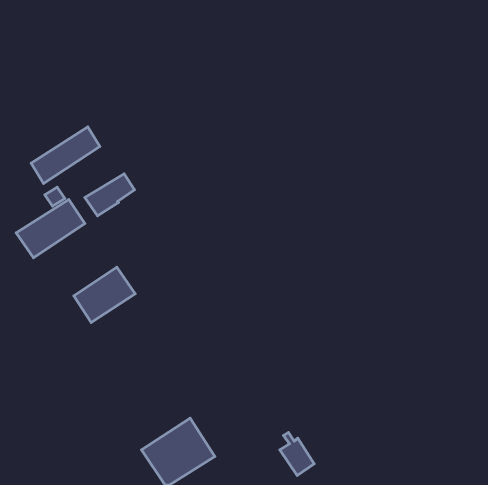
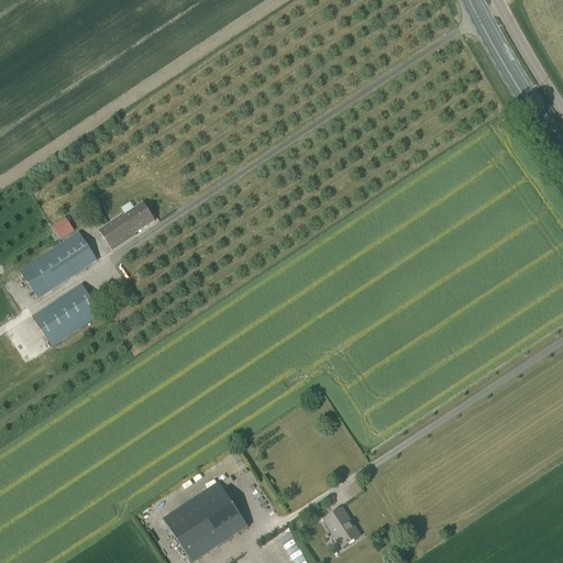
building: [31,127,100,184] -> none
building: [74,267,135,322] -> [32,280,102,344]

